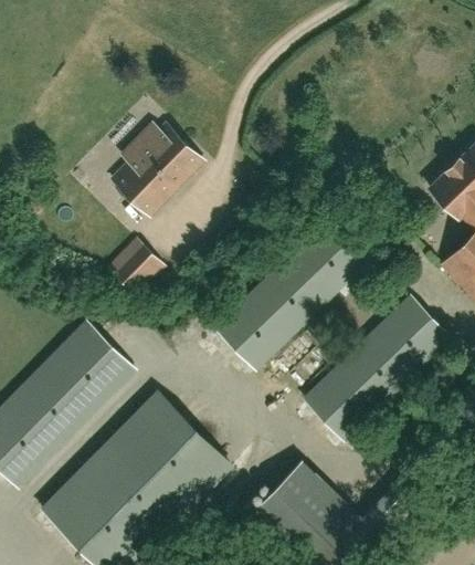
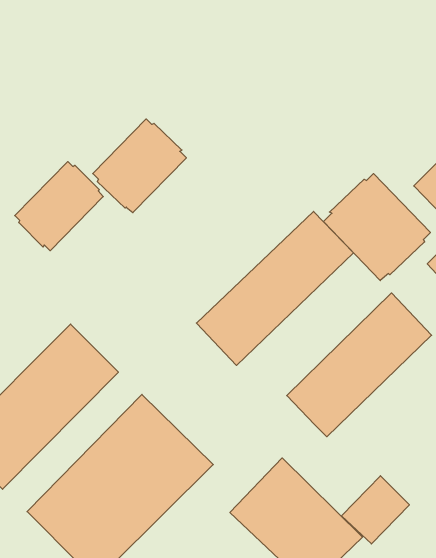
building: none -> [15,162,103,251]
building: none -> [324,174,430,281]
building: [107,237,160,291] -> none

